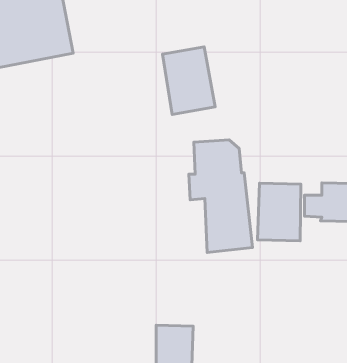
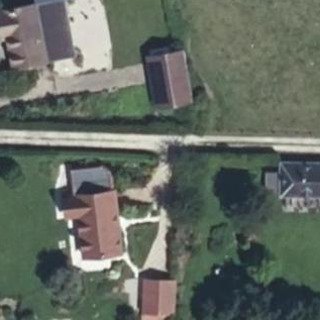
building: [189,140,253,253] -> [68,165,120,257]
building: [258,183,301,241] -> none

